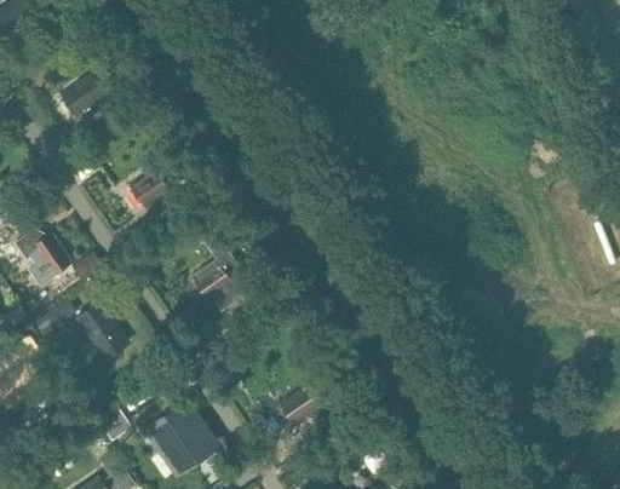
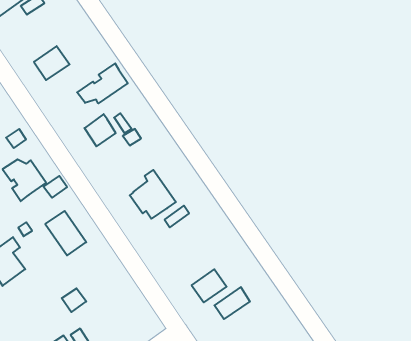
building: none -> [77,63,128,103]
building: [132,395,212,471] -> none
building: none -> [214,287,250,319]

